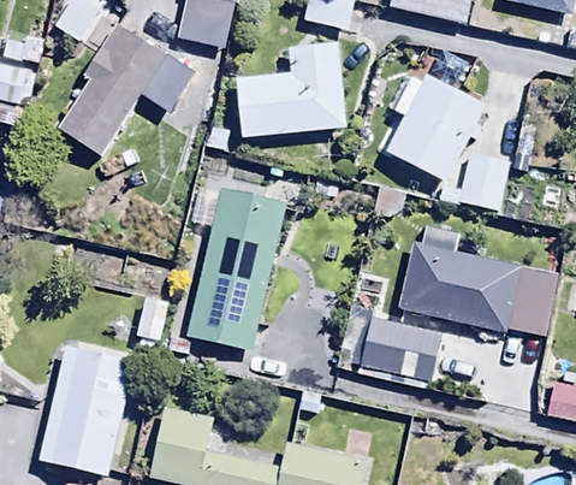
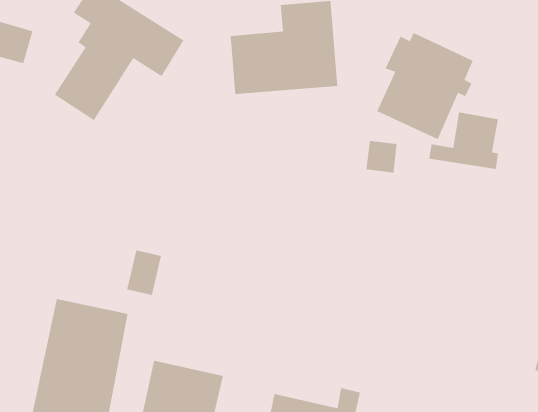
building: [185,187,285,348] -> none
building: [397,223,530,330] -> none
building: [358,314,443,391] -> none

